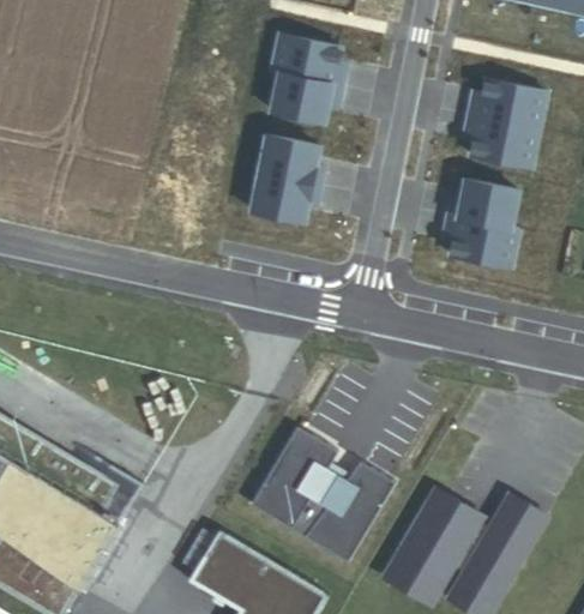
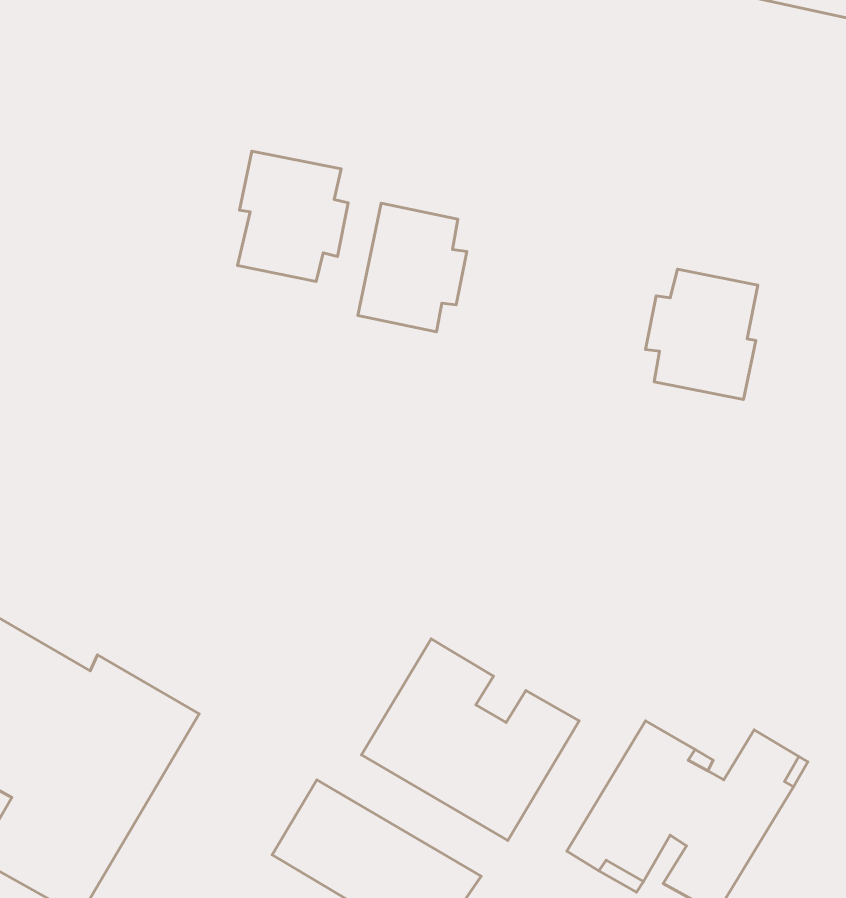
building: [266,37,341,125] -> [238,151,348,281]
building: [460,82,542,169] -> none

